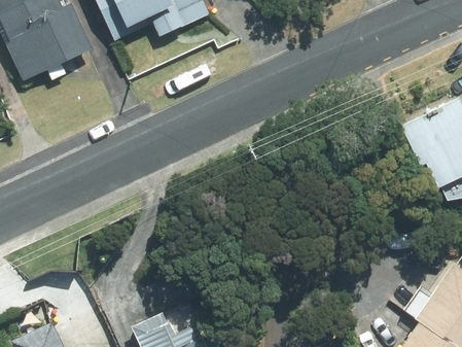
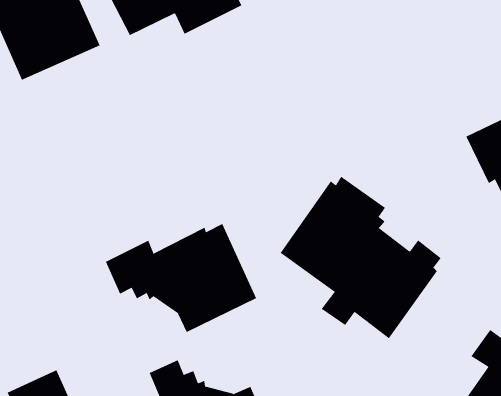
building: none -> [280,176,442,339]
building: none -> [105,223,257,333]

